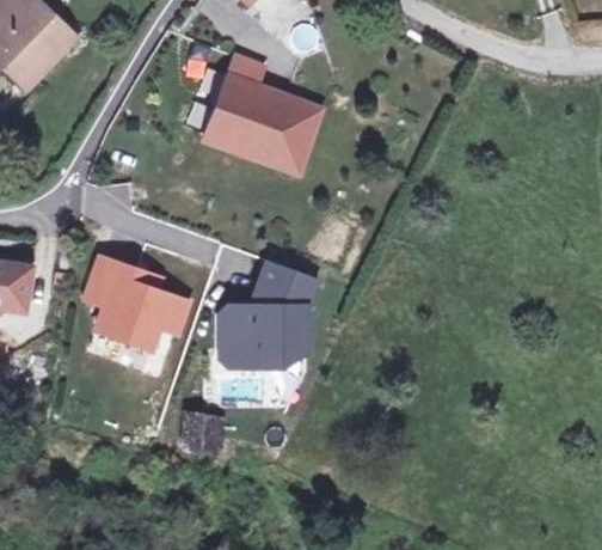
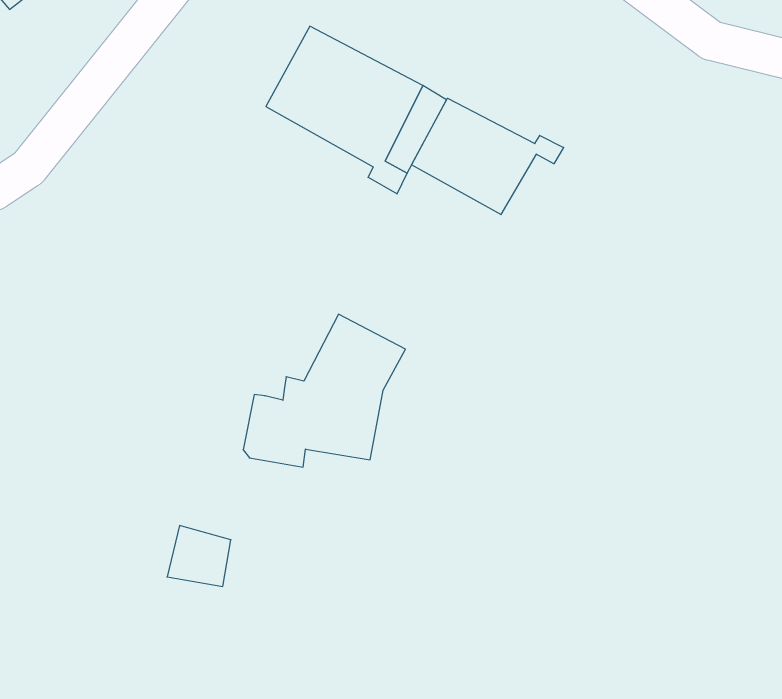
building: none -> [412,98,564,215]
building: [87,256,188,344] -> none

